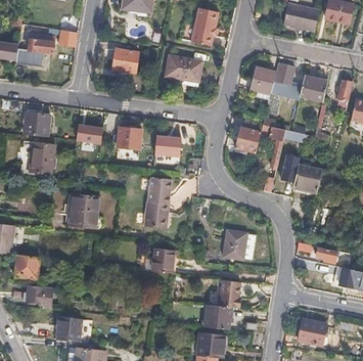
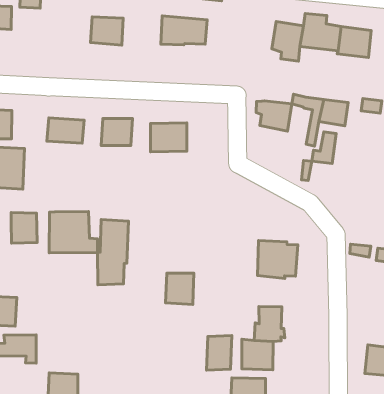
building: [291,166,320,195] -> none
building: [146,176,174,226] -> [98,220,128,285]
building: none -> [11,213,37,243]
building: none -> [207,336,232,370]

